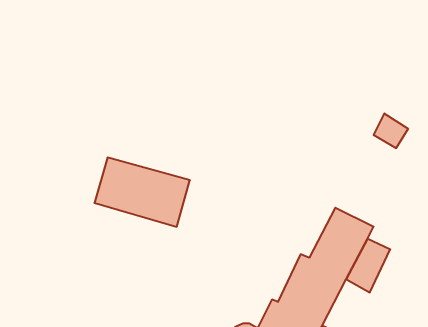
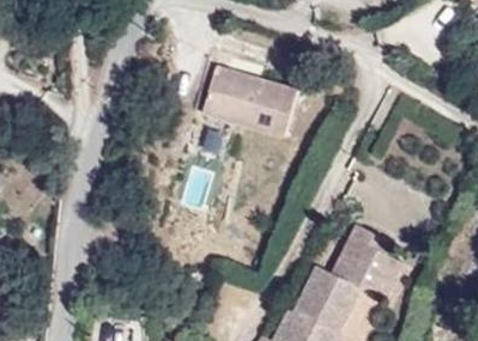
building: [94,158,190,227] -> [208,68,304,138]

